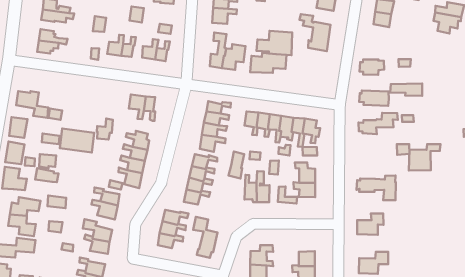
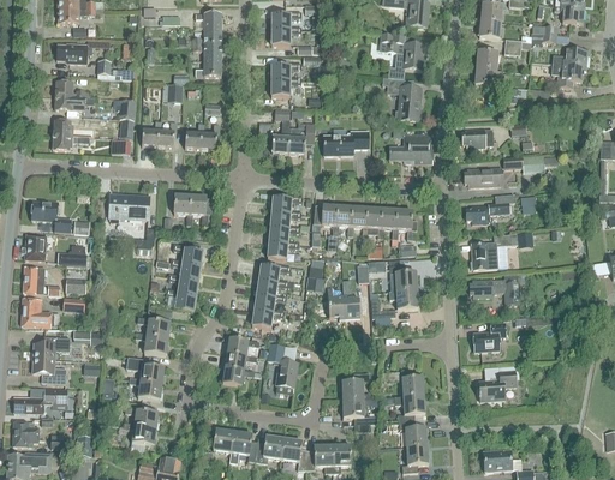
building: [257,31,292,55] -> [388,133,432,162]
building: [60,128,94,152] -> [107,192,149,220]
building: [409,144,440,170] -> [471,233,509,269]

